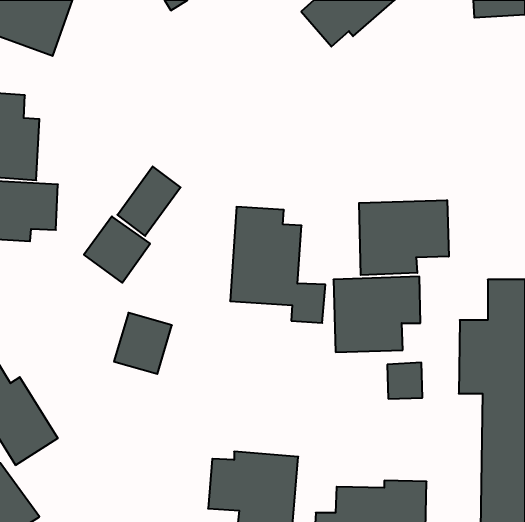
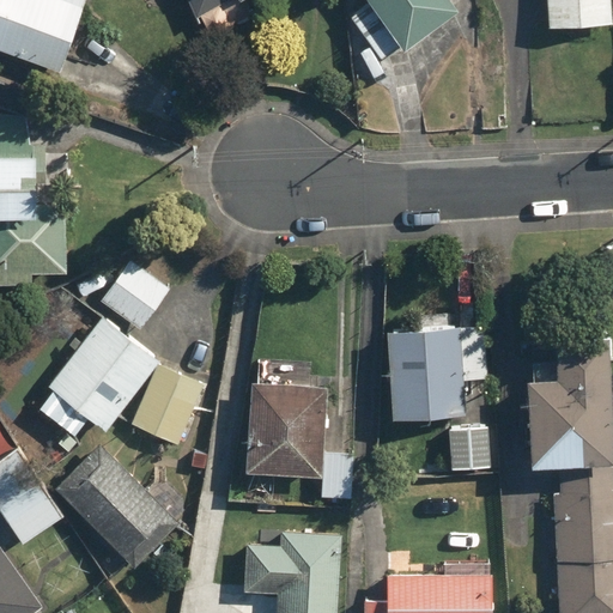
building: [117,166,181,236] -> none
building: [359,200,449,275] -> none
building: [230,207,325,323] -> [245,365,356,499]
building: none -> [37,318,156,436]
building: none -> [53,441,193,565]

